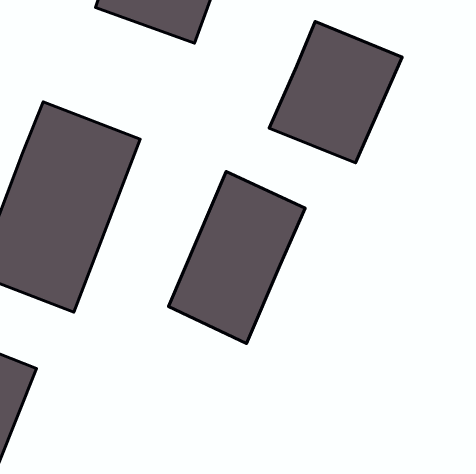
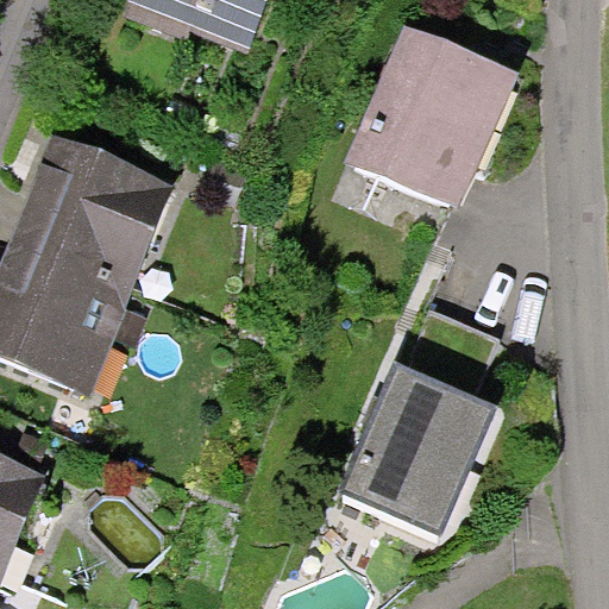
building: [169,172,305,343] -> none
building: none -> [338,310,501,535]

